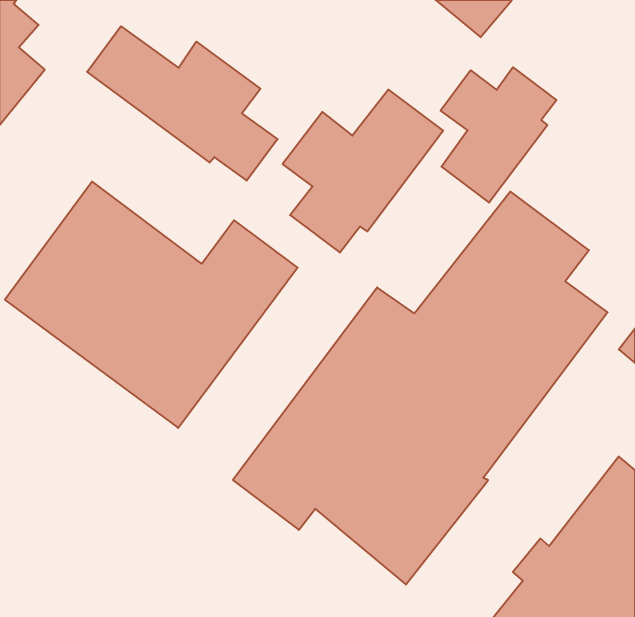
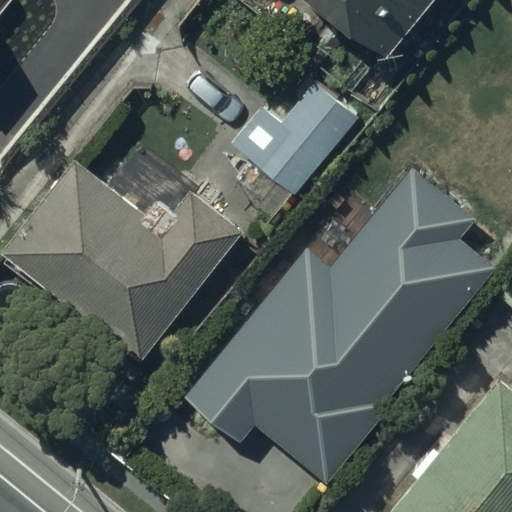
building: [87,26,278,181] -> none
building: [441,67,556,203] -> none

